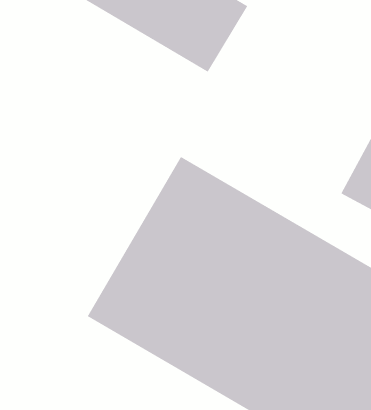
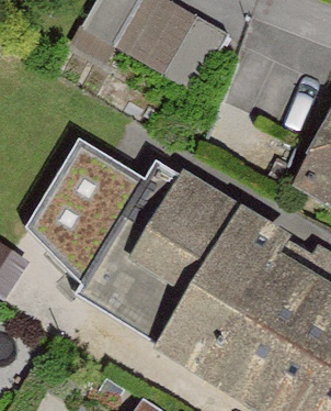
building: none -> [19,136,136,271]

